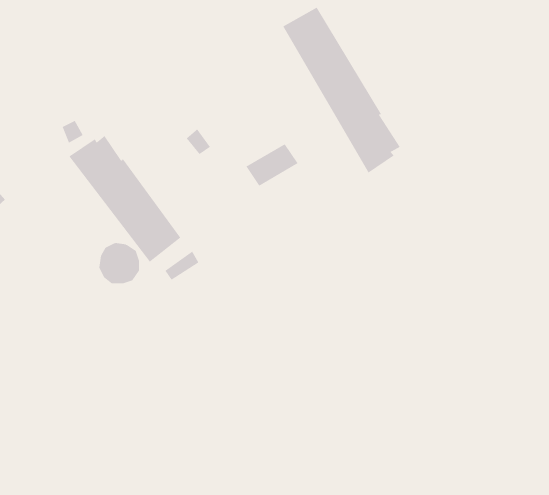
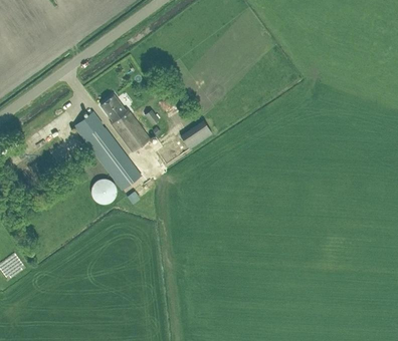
building: [282,7,401,173] -> none
building: none -> [101,95,150,152]

